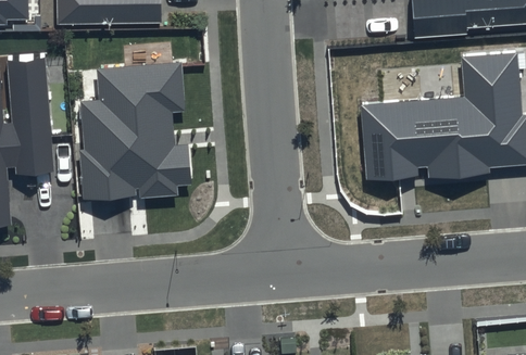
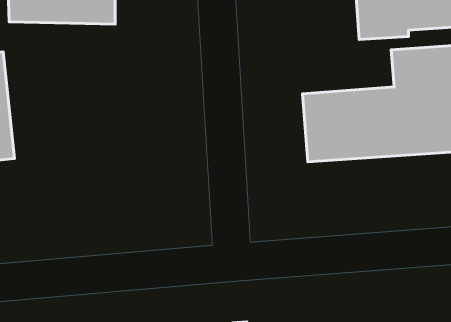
building: [71,58,183,195] -> none

